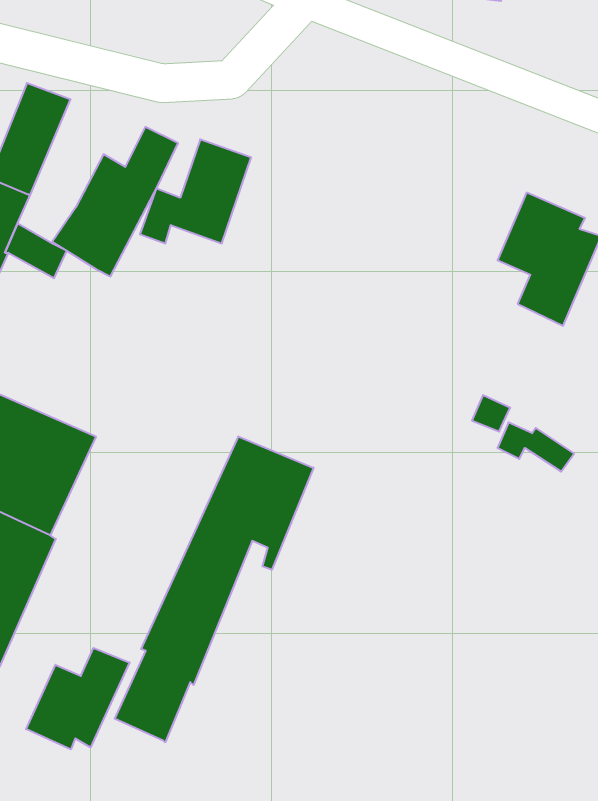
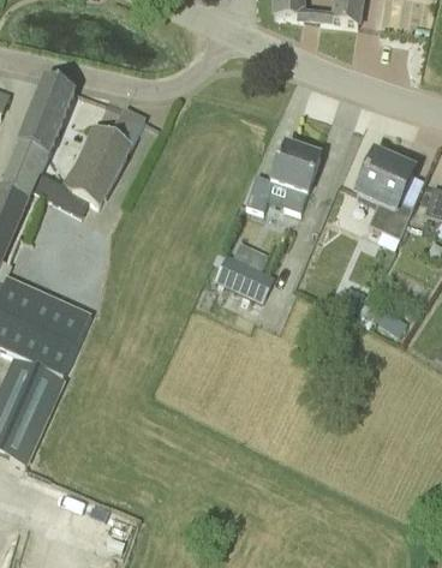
building: [140,139,251,243] -> [246,142,319,210]
building: none -> [217,251,274,294]
building: [115,436,314,742] -> none
building: [26,648,130,749] -> none

